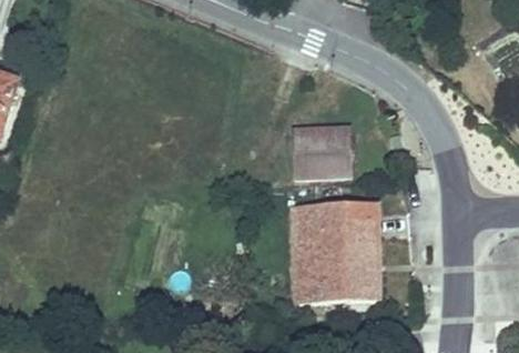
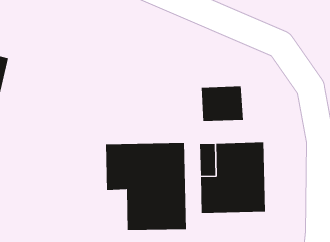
building: none -> [105,142,187,231]

